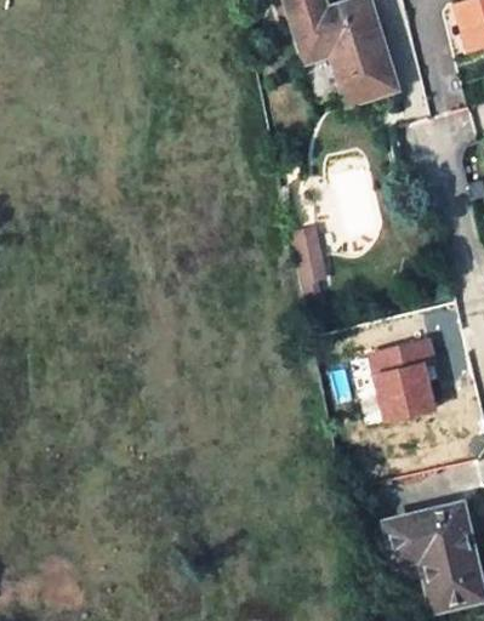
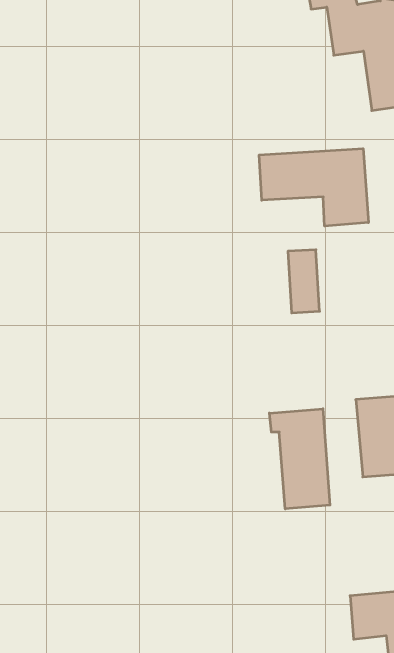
building: none -> [259,149,368,226]
building: none -> [269,409,330,509]

